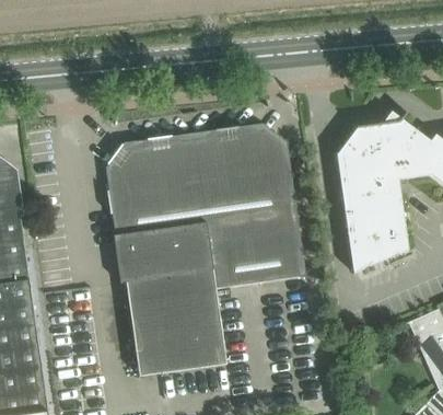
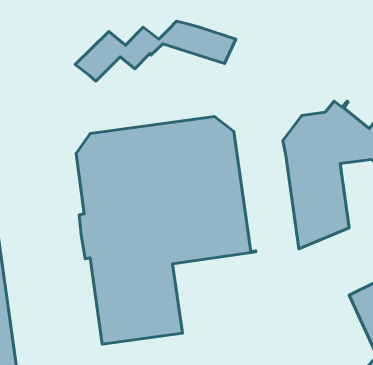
building: none -> [75,21,236,81]

